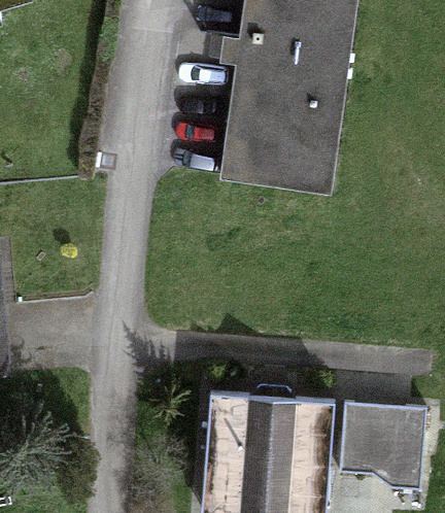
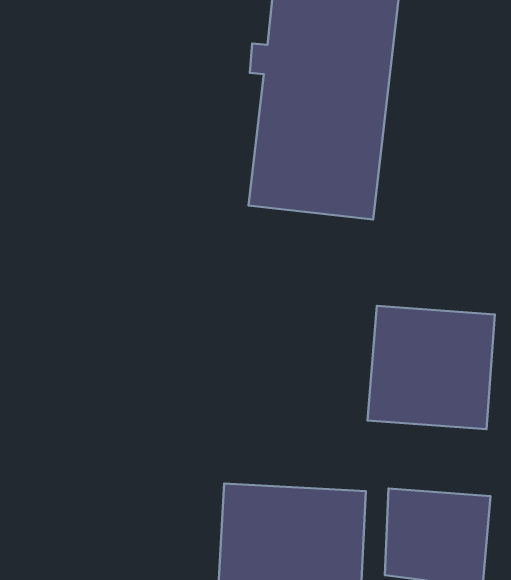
building: none -> [368,306,495,429]

